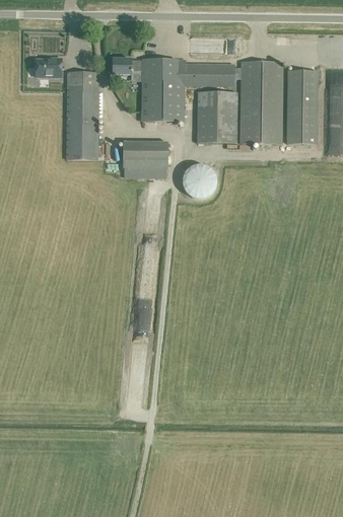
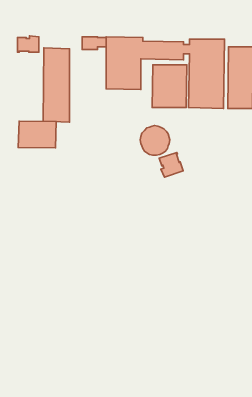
building: [124,141,166,177] -> none
building: none -> [18,121,56,148]
building: none -> [159,152,183,177]

